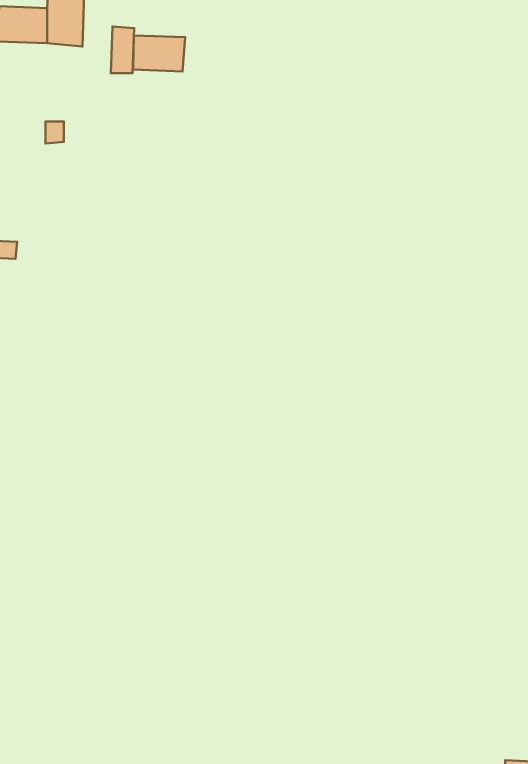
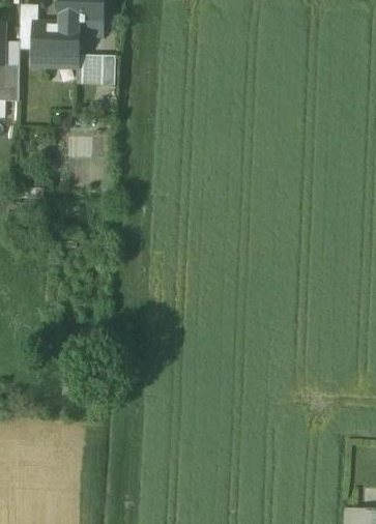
building: [133,35,185,71] -> none

